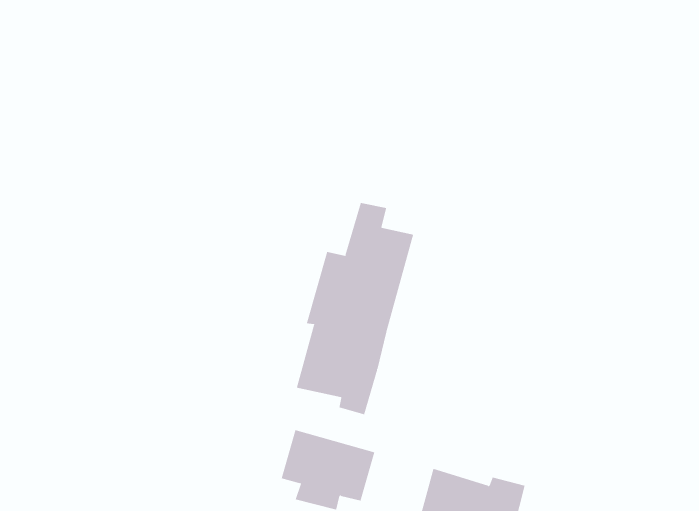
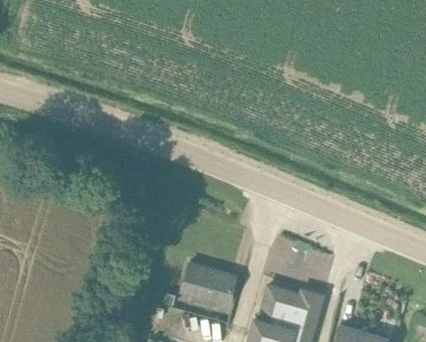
building: [296,202,414,415] -> none

